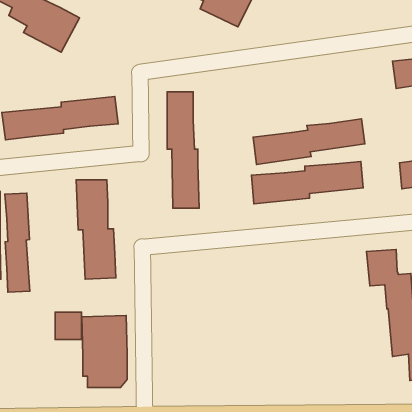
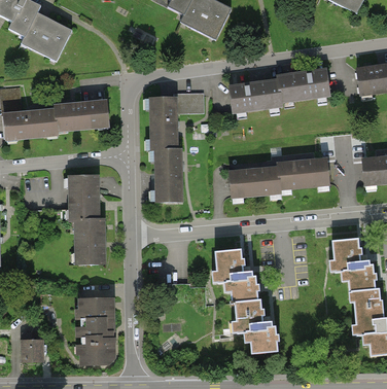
building: none -> [175,95,203,112]
building: [253,119,365,164] -> [228,71,329,112]
building: [5,193,30,292] -> none
building: none -> [215,250,277,353]
building: [55,312,81,339] -> [22,337,45,361]

